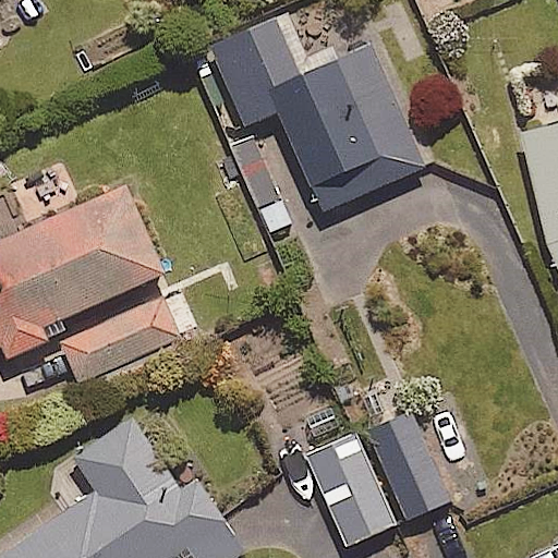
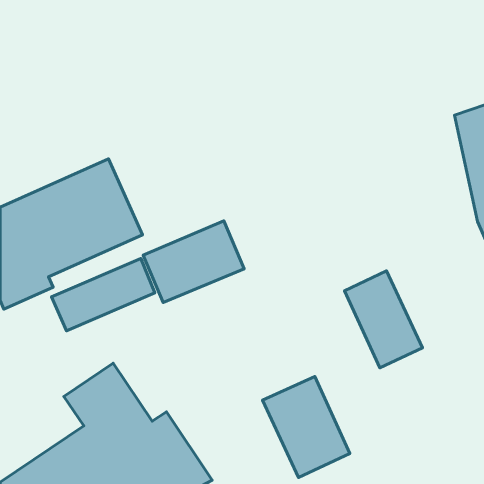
building: [207,13,424,213] -> none
building: none -> [143,221,244,302]
building: [363,411,452,522] -> [345,271,423,368]

